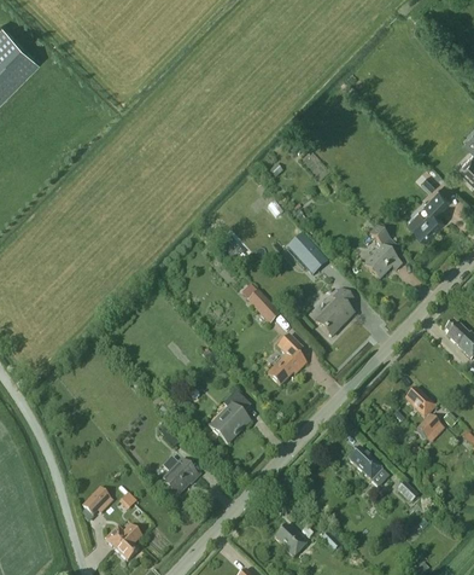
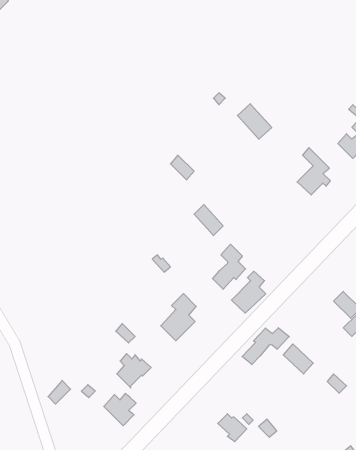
building: [287,233,326,273] -> [237,104,272,139]
building: [315,289,353,336] -> [231,271,266,313]
building: none -> [242,328,289,365]
building: [105,524,141,561] -> [104,393,136,426]

